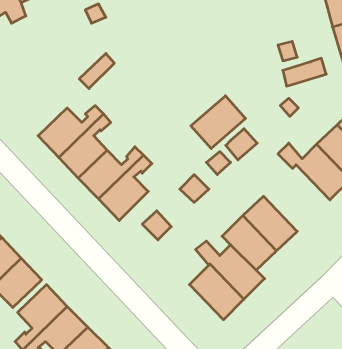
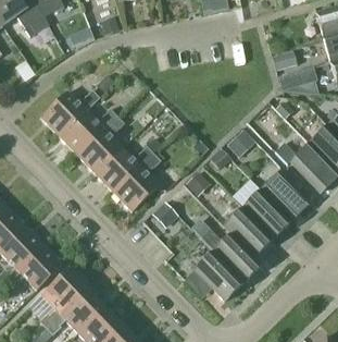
building: none -> [40,88,99,134]
building: [191,96,246,149] -> none
building: none -> [261,170,310,220]

